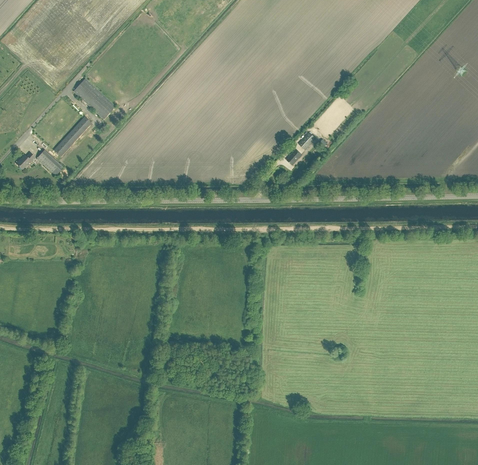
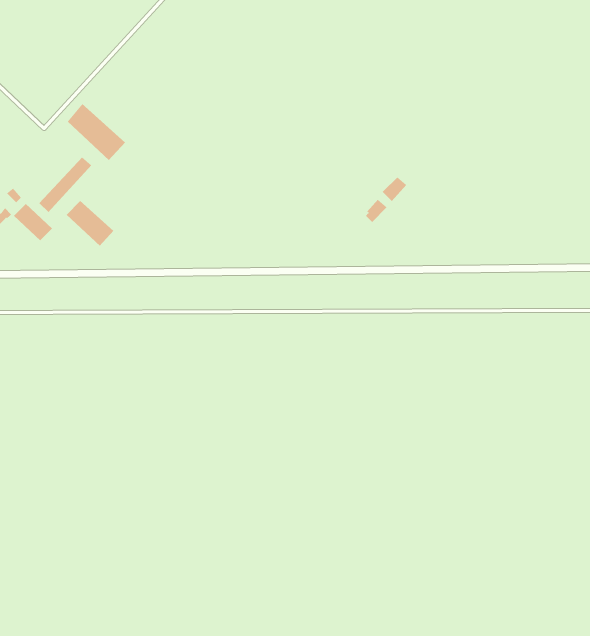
building: none -> [66,200,114,247]

